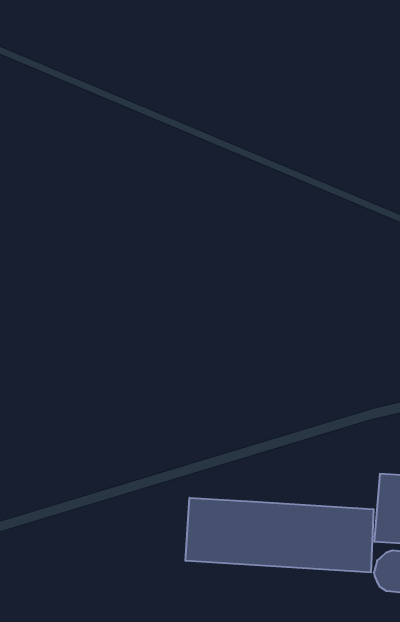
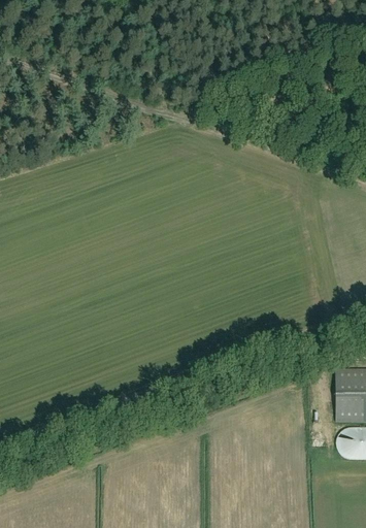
building: [186,498,373,572] -> none

